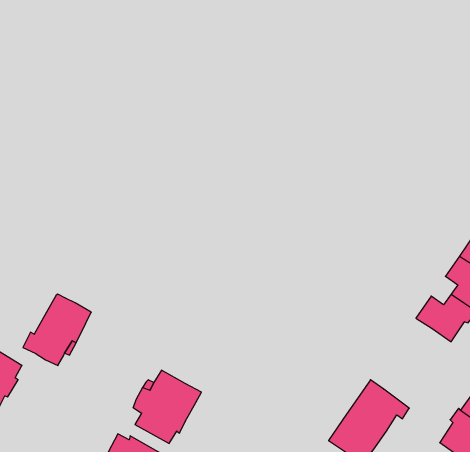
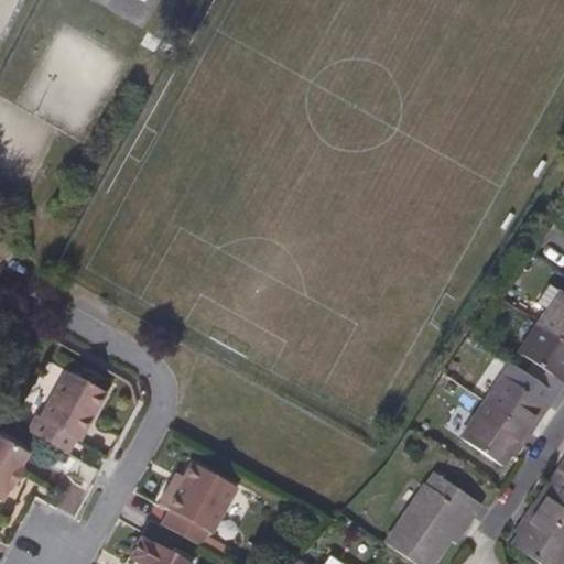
building: none -> [460,400,530,465]

